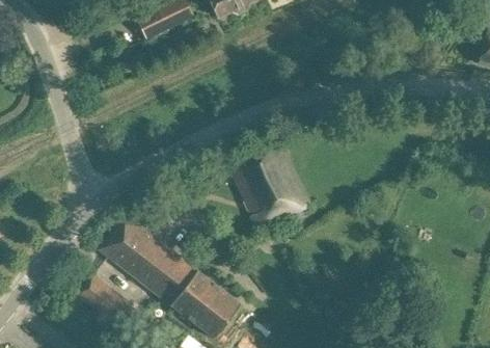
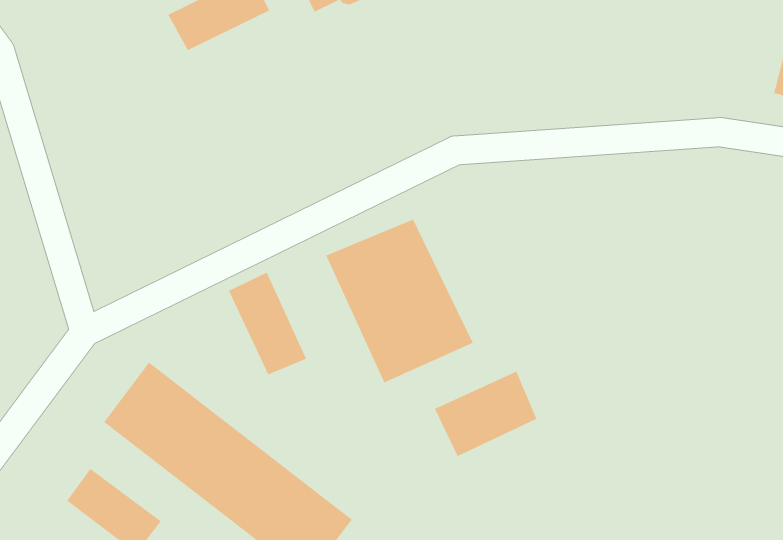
building: none -> [228,272,307,375]
building: none -> [434,370,538,457]

